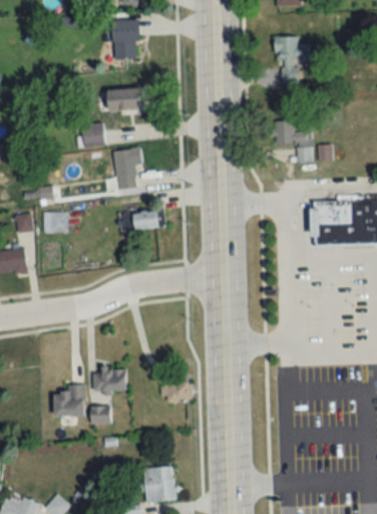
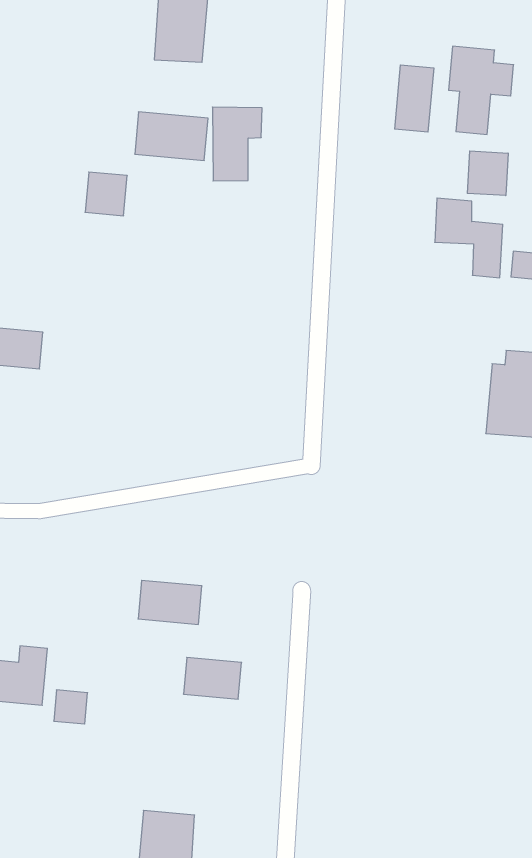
building: none -> [395,65,434,132]
building: none -> [467,151,508,196]
building: [113,147,141,189] -> [212,107,262,181]
building: [122,209,160,231] -> none
building: [93,369,126,391] -> [138,580,202,624]

